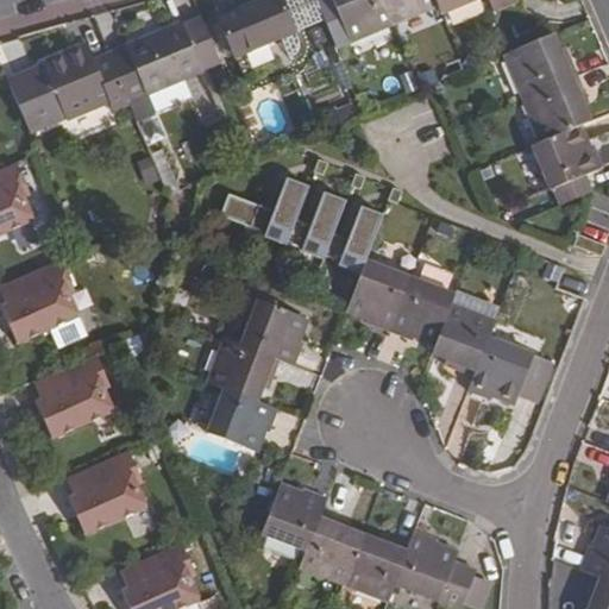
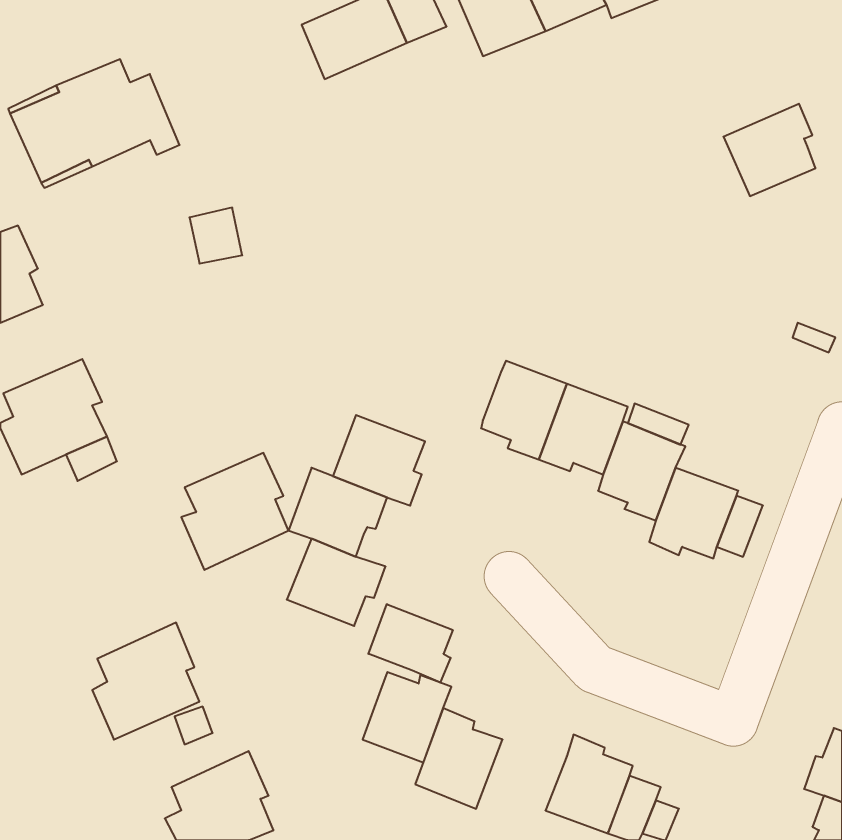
building: [108,14,220,120] -> none
building: [504,33,577,99] -> none
building: [532,126,603,189] -> none
building: [219,177,383,269] -> none
building: [34,354,112,439] -> [181,453,288,570]
building: none -> [368,604,453,683]
building: [344,534,409,601] -> none

